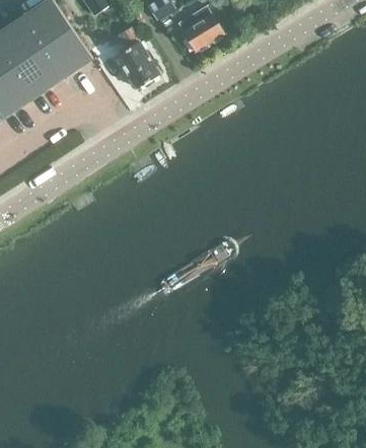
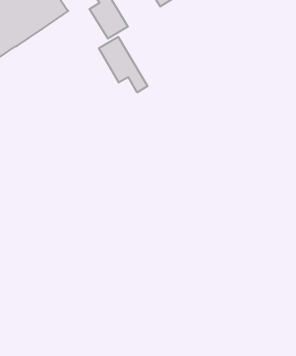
building: none -> [99,37,148,92]

